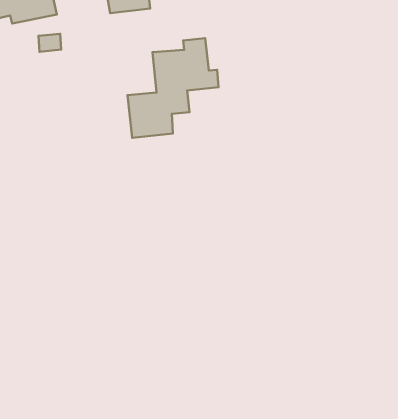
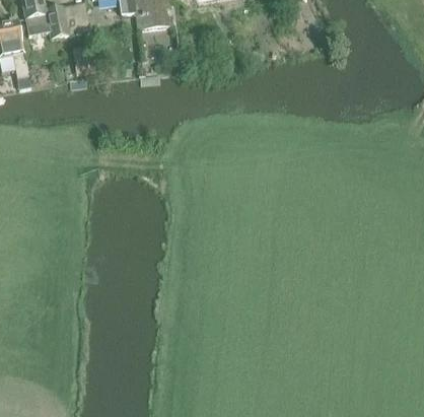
building: [127,38,218,138] -> none

